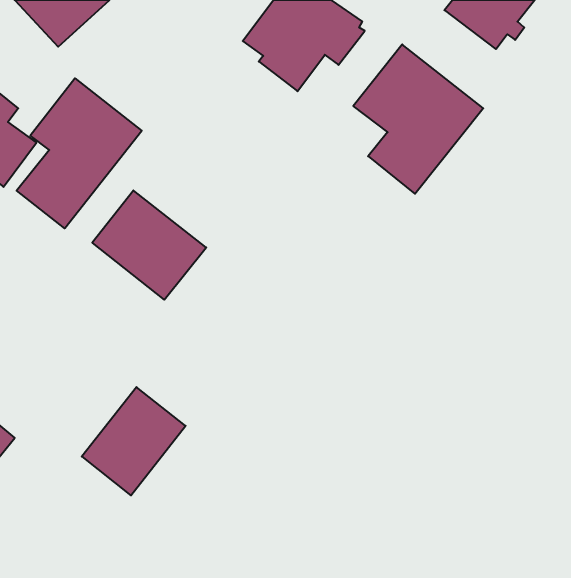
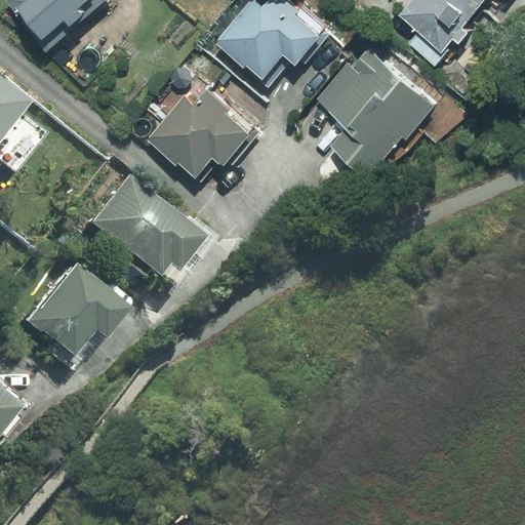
building: [17,78,142,228] -> none
building: none -> [153,85,259,174]
building: [82,387,186,495] -> [14,259,108,357]

